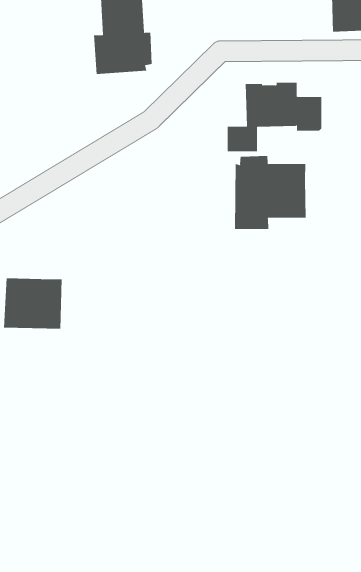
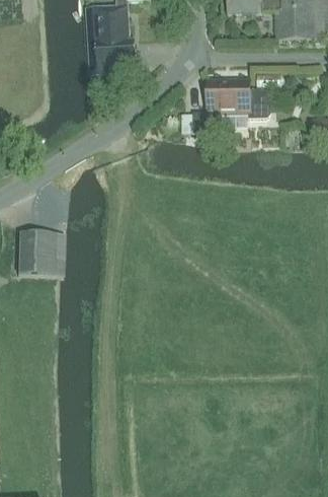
building: [235,155,306,230] -> none

